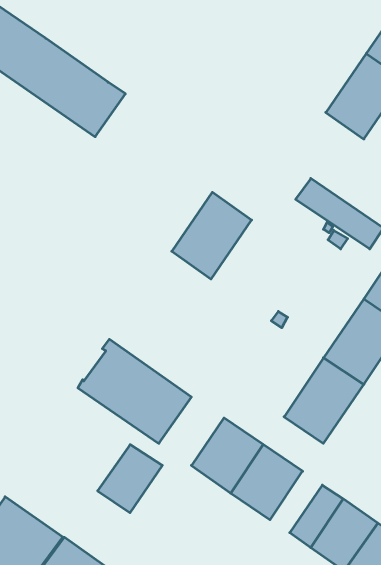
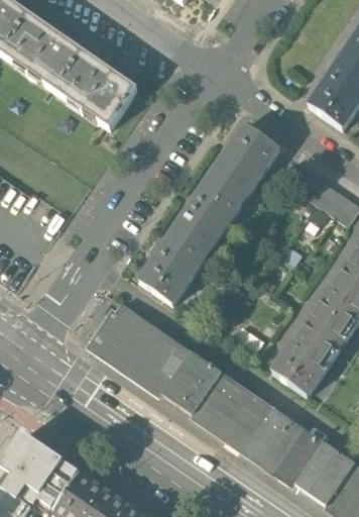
building: none -> [210,123,279,198]
building: none -> [139,225,209,301]
building: [98,445,162,513] -> [163,352,220,412]
building: none -> [260,417,306,471]

